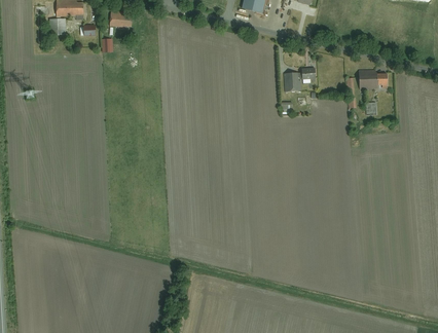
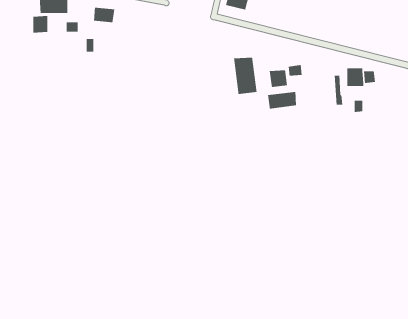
building: none -> [233,57,257,95]
building: none -> [268,91,297,109]

